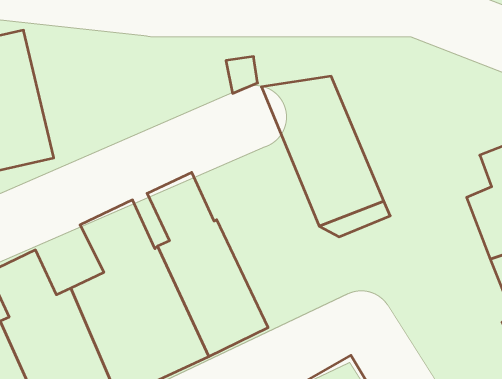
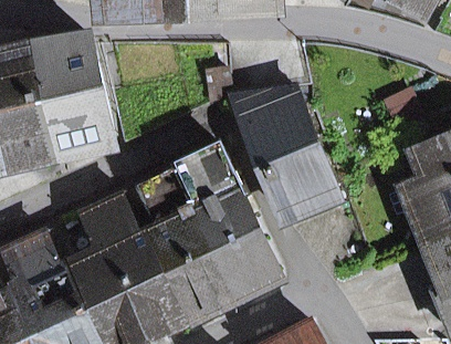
building: none -> [36,39,116,156]
building: none -> [178,147,283,299]

